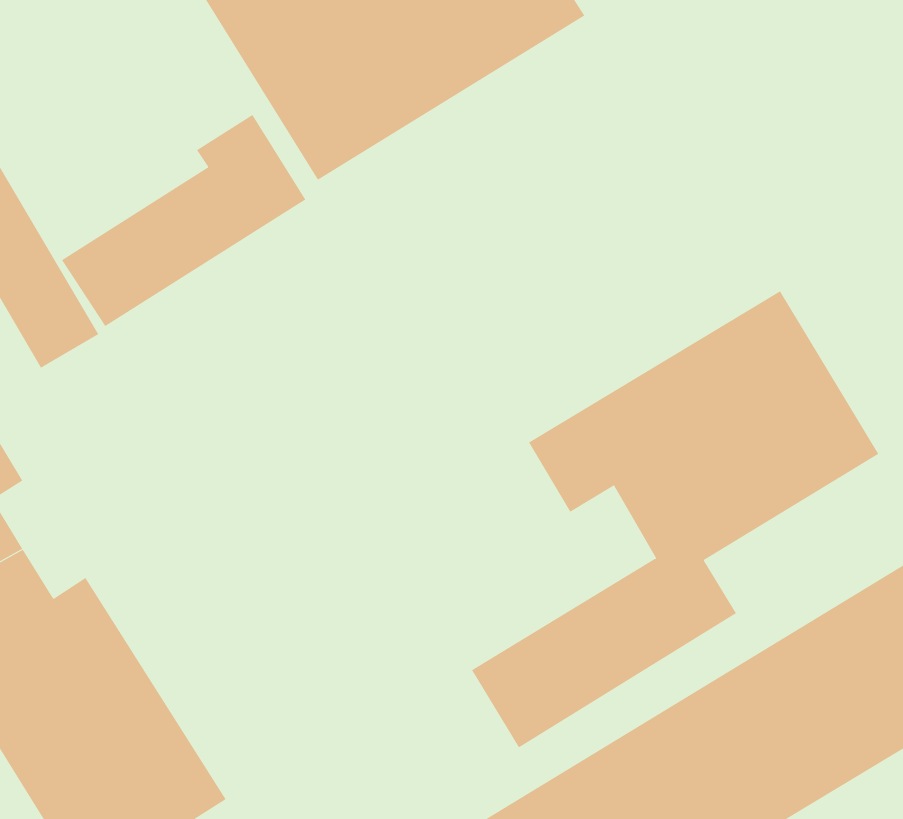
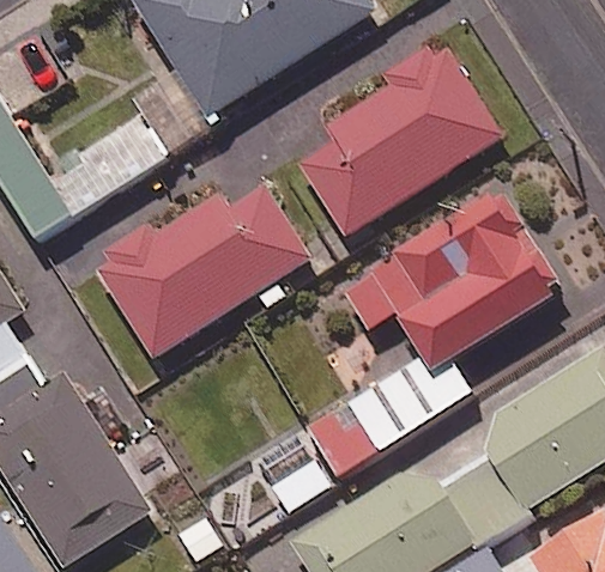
building: none -> [289,39,502,236]
building: none -> [96,181,310,355]

